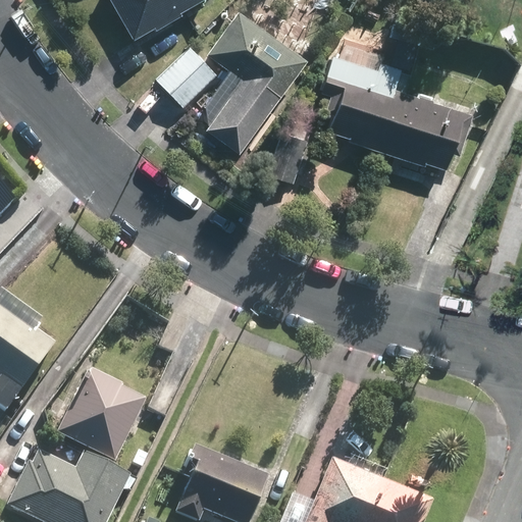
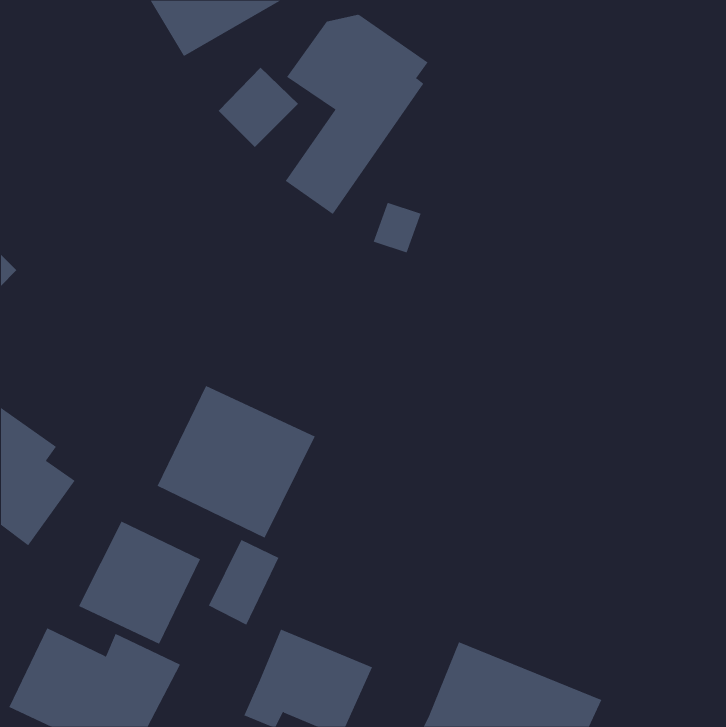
building: [305,42,464,173] -> none
building: none -> [157,385,315,538]
building: none -> [208,539,279,625]

